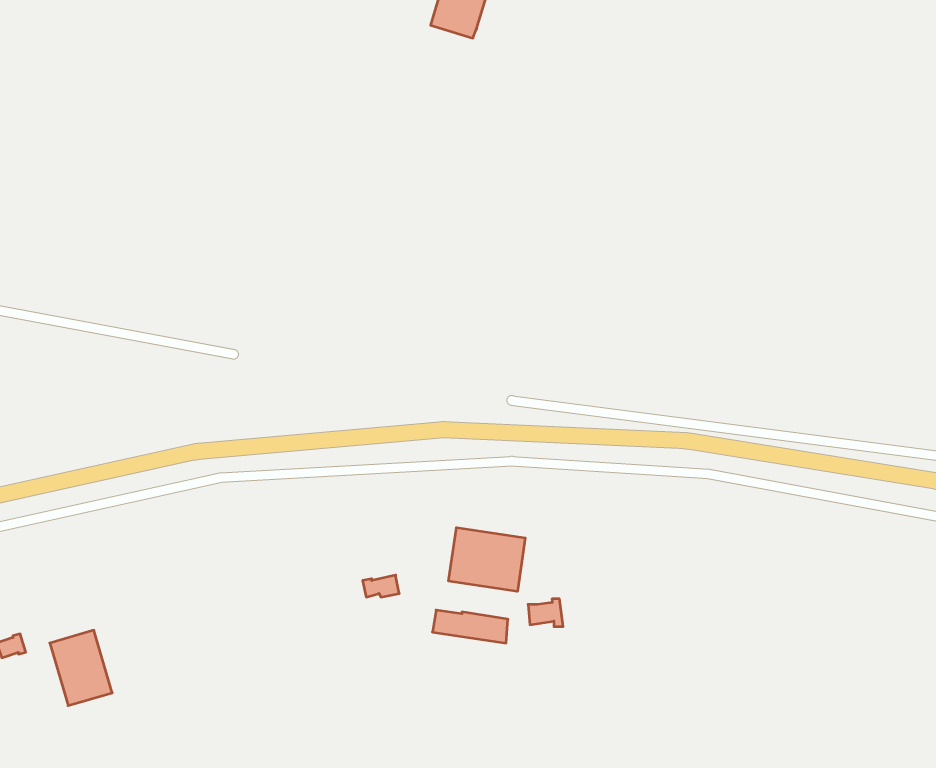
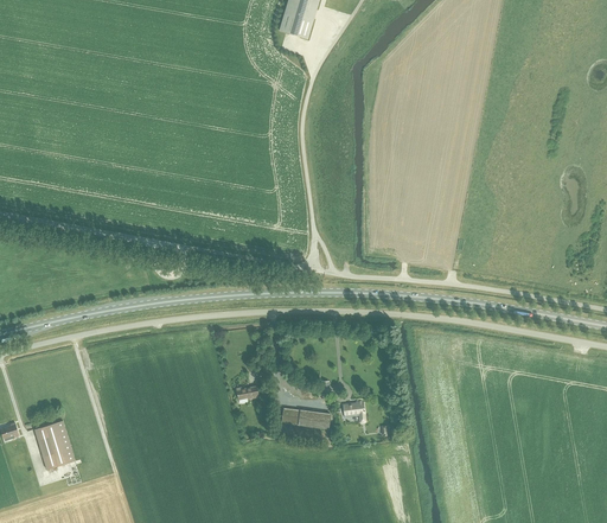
building: [449,528,525,591] -> none

